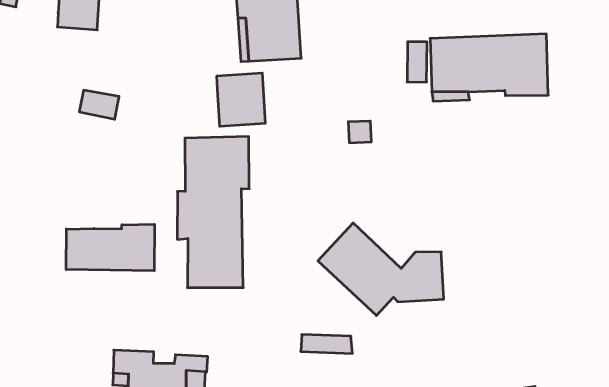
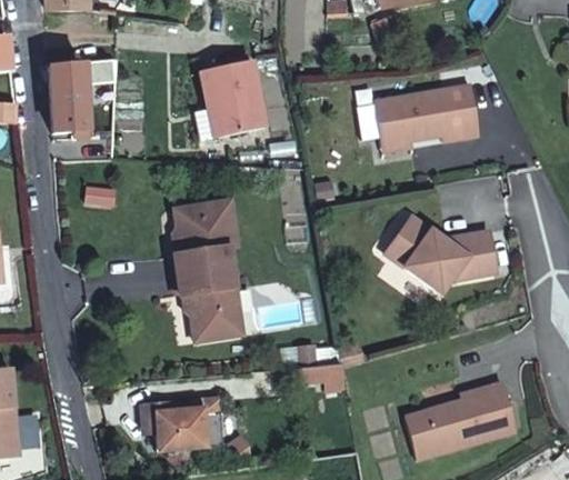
building: [217,73,265,126] -> none
building: [318,223,444,316] -> [387,218,499,294]
building: [66,224,154,271] -> none

